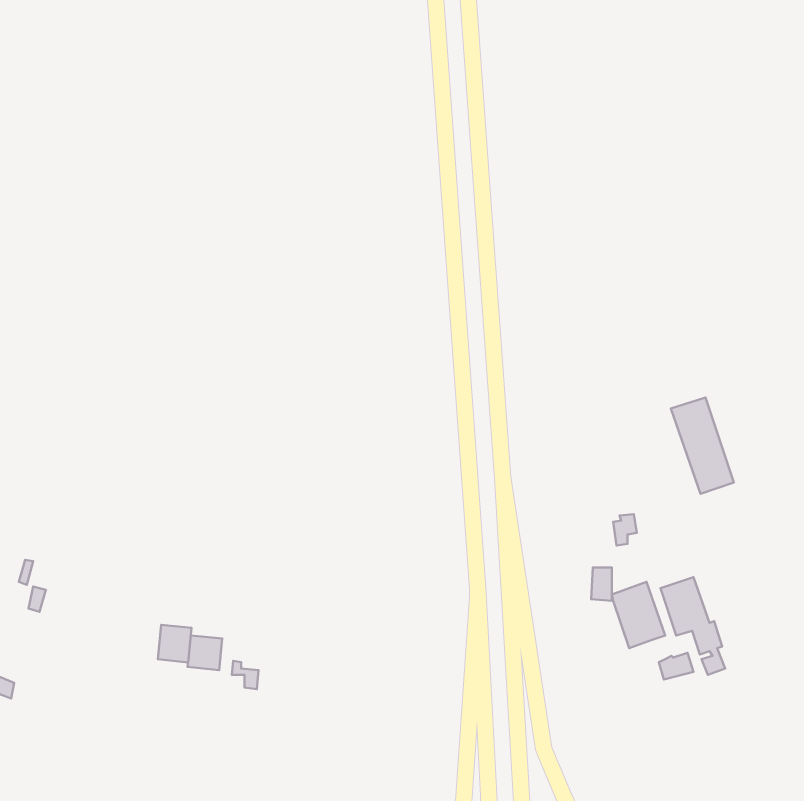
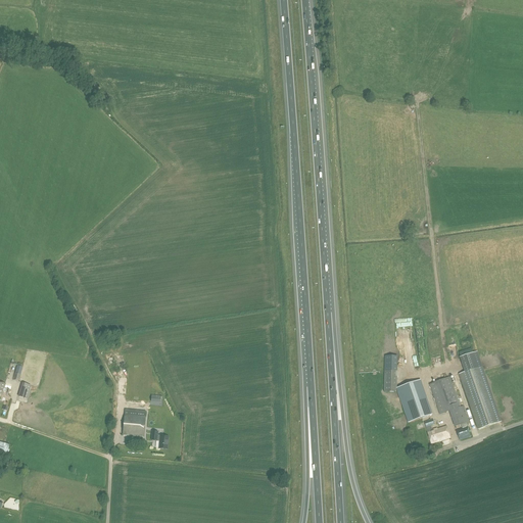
building: [671,398,734,494] -> [459,364,500,426]
building: [158,625,192,662] -> none

